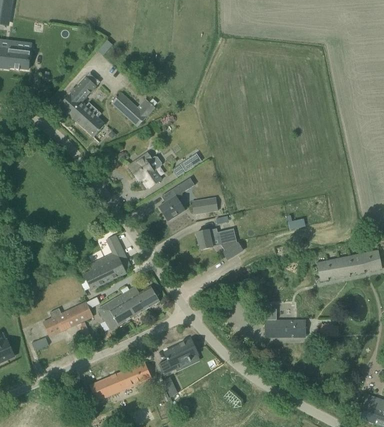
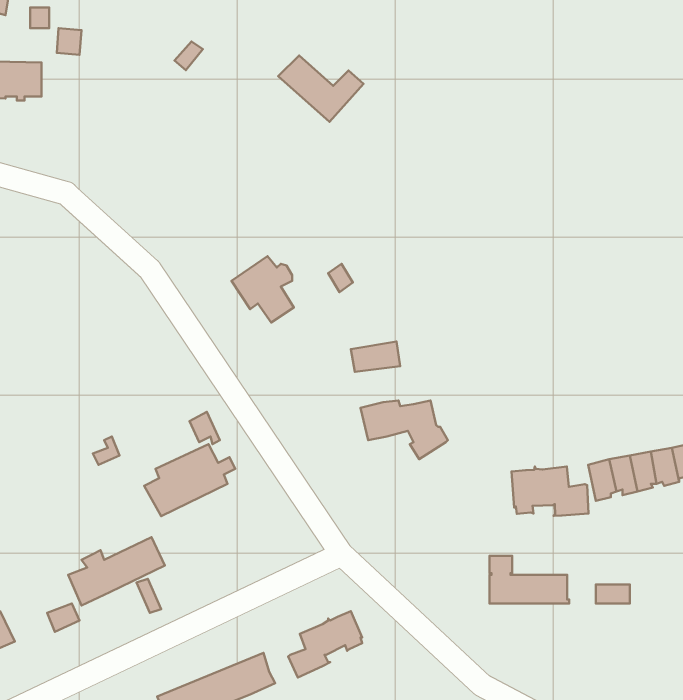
building: [59,72,105,136] -> none
building: [110,91,155,126] -> [278,55,364,122]
building: [158,177,194,220] -> none
building: none -> [512,467,589,516]
building: [97,286,159,329] -> none

